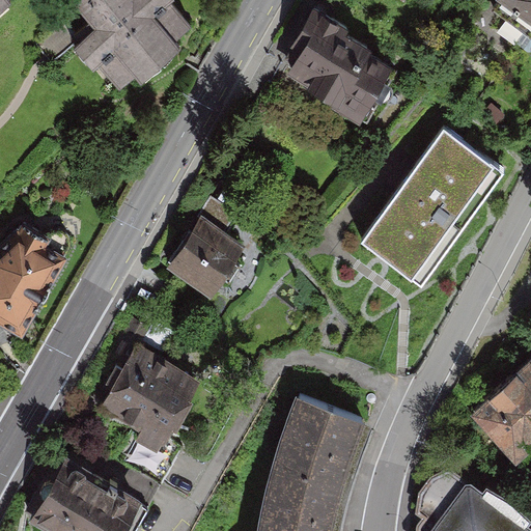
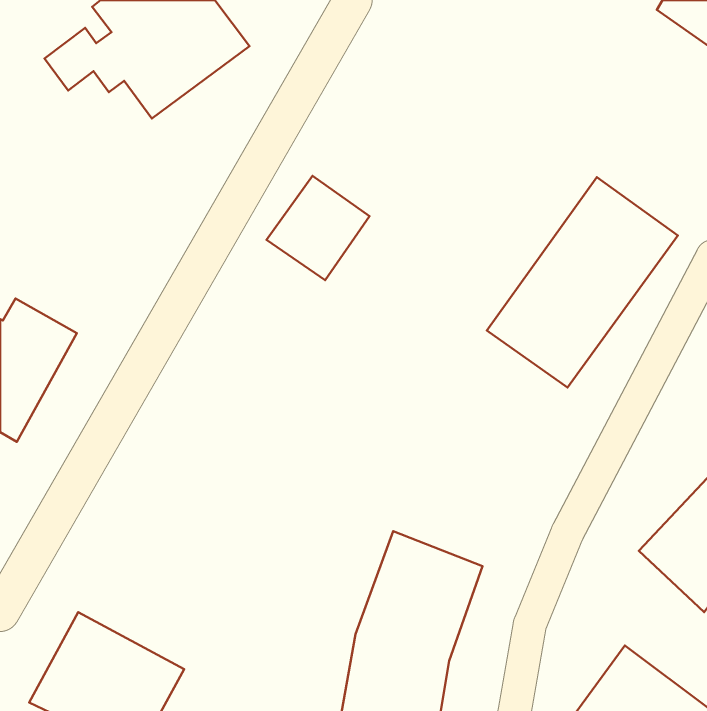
building: [281,16,388,118] -> none
building: [165,217,242,295] -> [266,176,370,280]
building: [94,340,197,444] -> none

